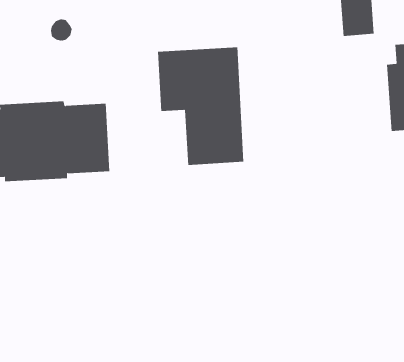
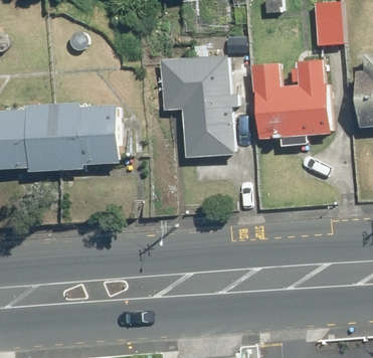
building: none -> [252,59,330,147]

